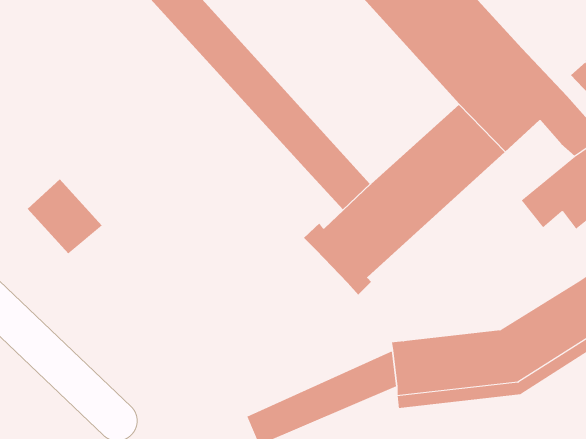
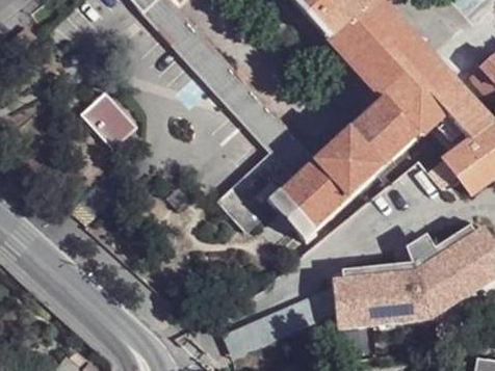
building: none -> [216,151,296,233]
building: [27,179,103,254] -> [79,89,136,147]
building: none -> [342,224,475,279]

